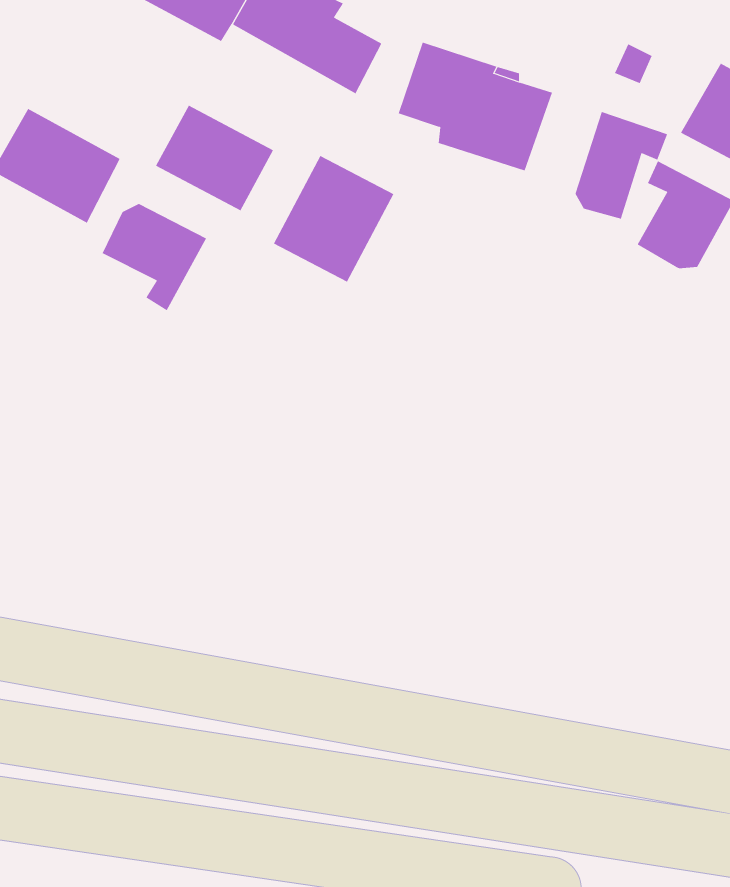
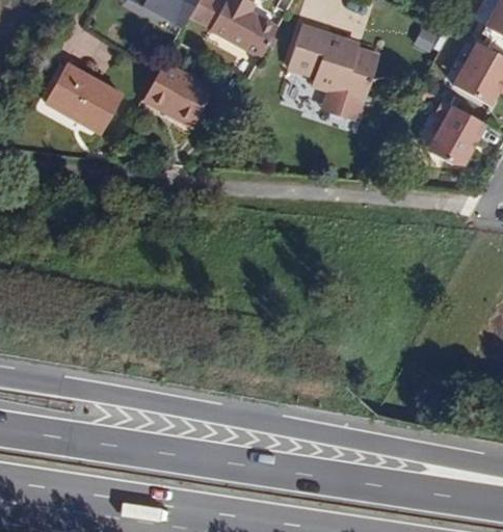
building: [575,111,668,219] -> none
building: [273,155,394,282] -> none
building: [102,203,207,311] -> none

